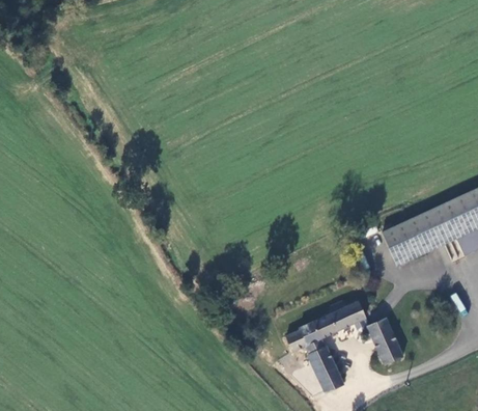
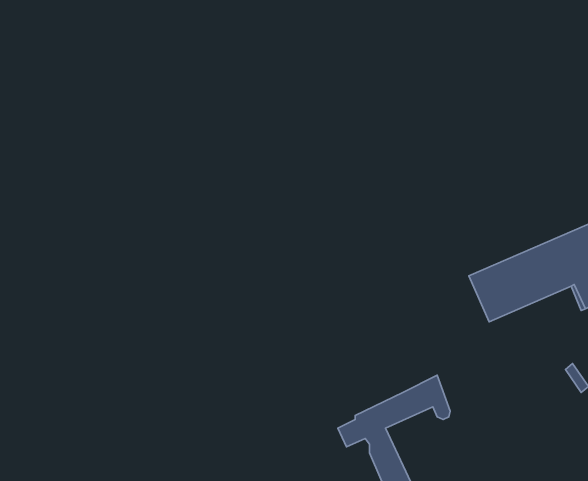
building: [368,317,402,363] -> none

